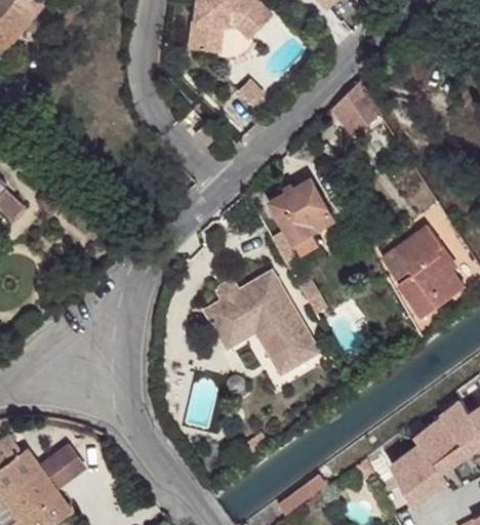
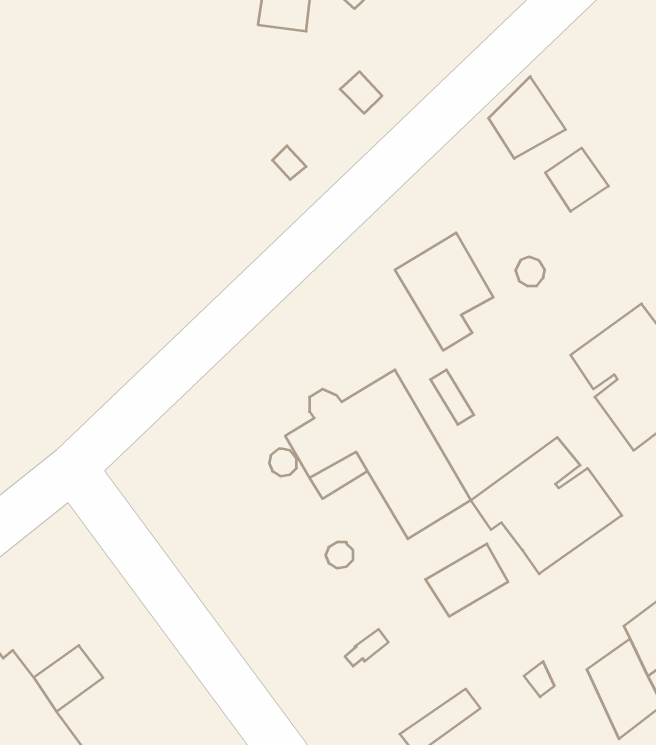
building: none -> [545,148,609,212]
building: none -> [471,437,622,574]
building: none -> [425,544,508,616]

